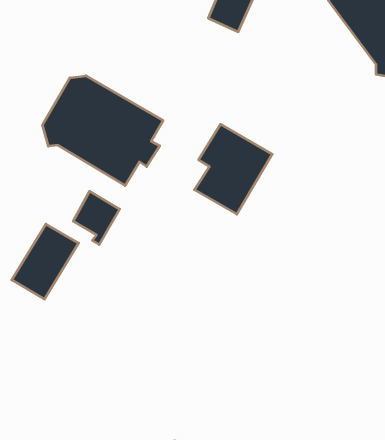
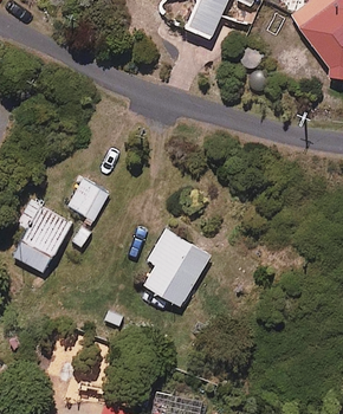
building: [43,76,163,186] -> none
building: [194,124,272,214] -> [143,228,211,306]

